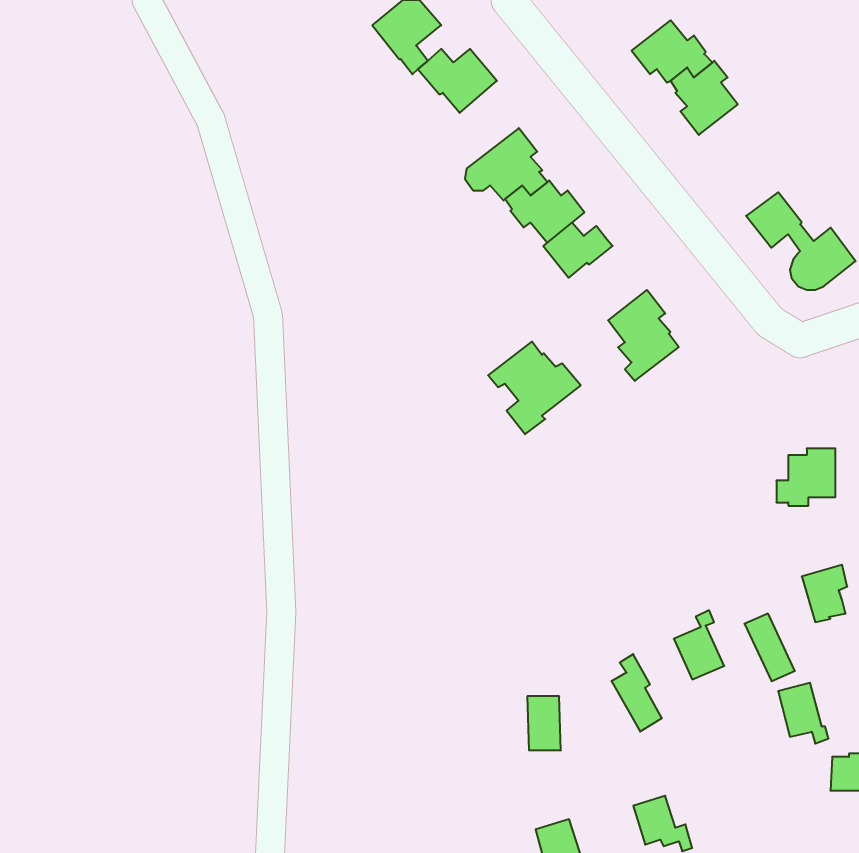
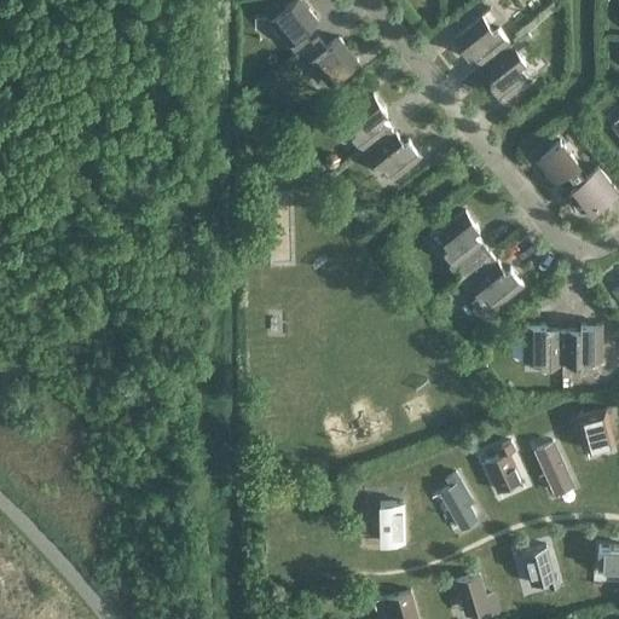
building: [543,222,613,278] -> none
building: [488,342,581,434] -> [457,255,523,322]
building: none -> [511,328,567,369]
building: [778,683,829,744] -> [522,548,559,591]

